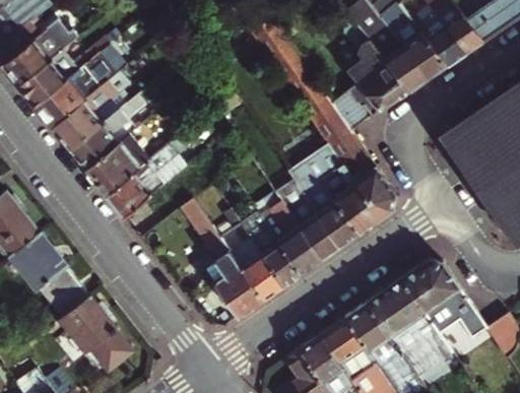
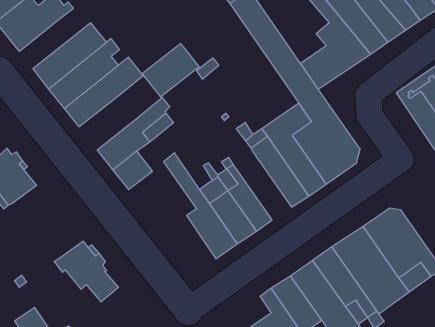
building: [21,42,110,108] -> none
building: [87,138,150,197] -> [142,44,199,97]
building: [268,200,322,274] -> none
building: [13,236,92,318] -> none

